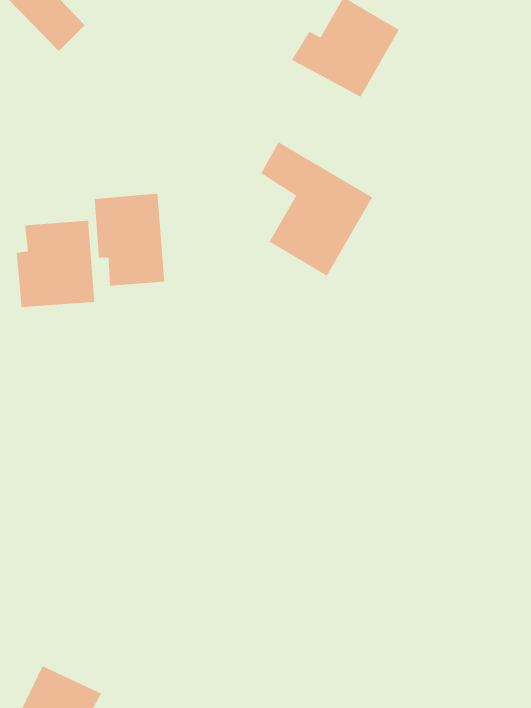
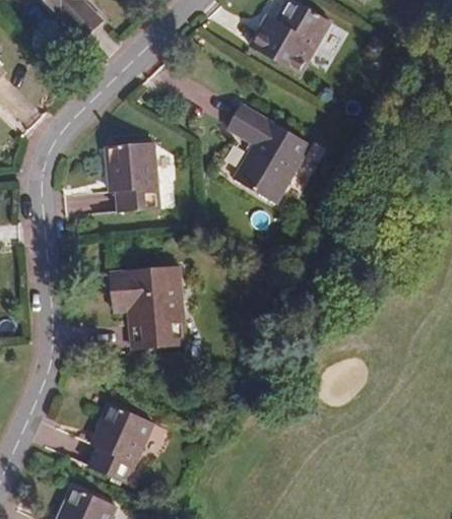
building: [16,220,95,308] -> none
building: none -> [112,267,185,347]
building: none -> [87,402,158,492]

